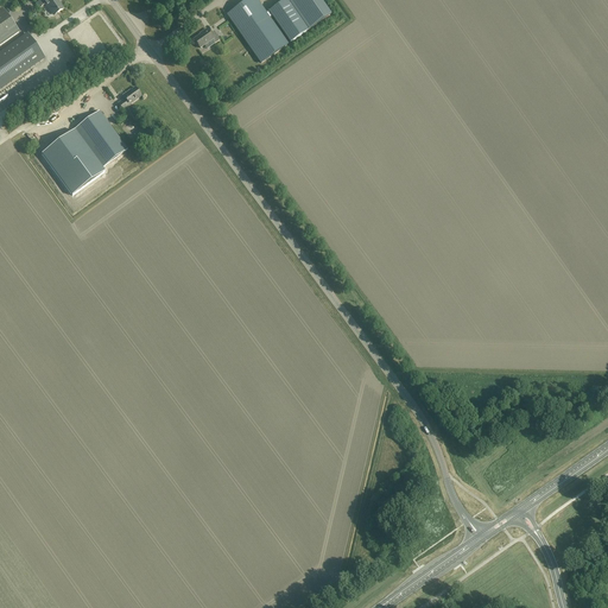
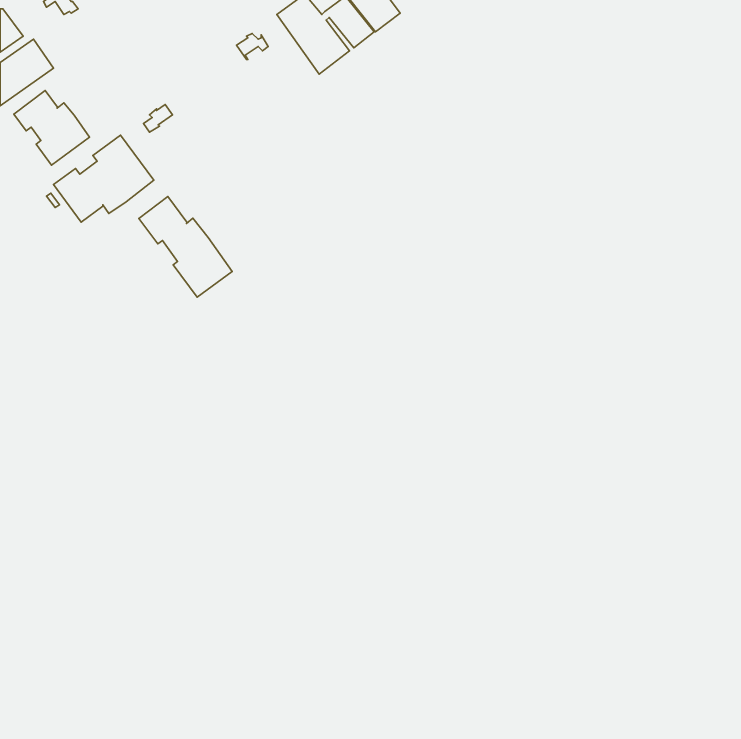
building: none -> [14,91,89,165]
building: none -> [139,196,232,297]

